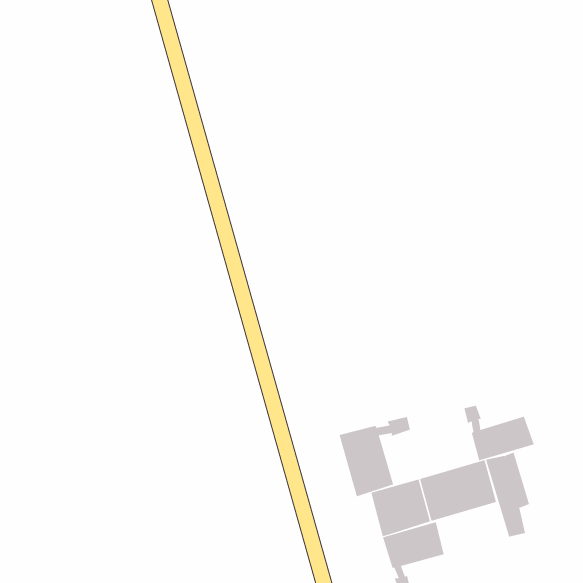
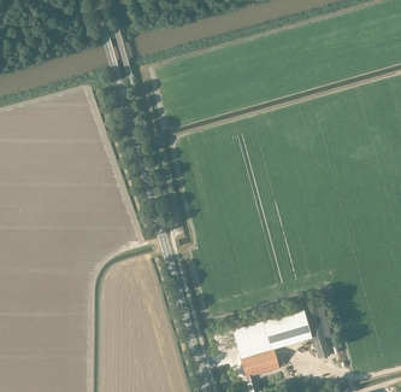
building: [464,405,534,461] -> none
building: [339,416,410,497] -> none

